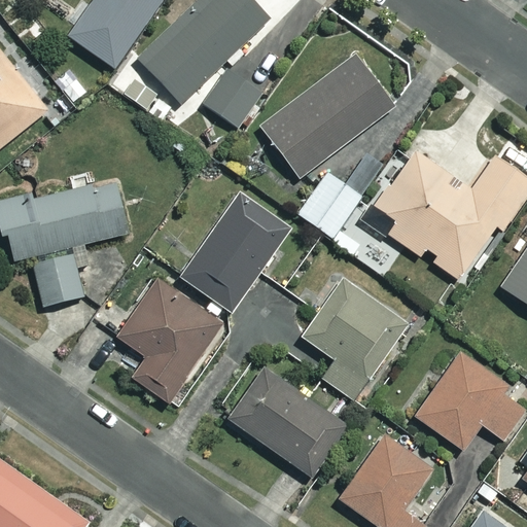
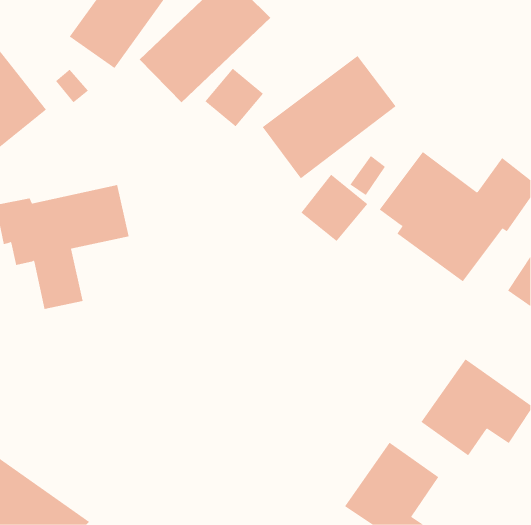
building: [181,194,290,312] -> none
building: [117,279,224,405] -> none
building: [302,281,408,400] -> none
building: [227,370,346,478] -> none

